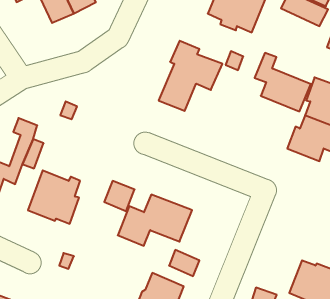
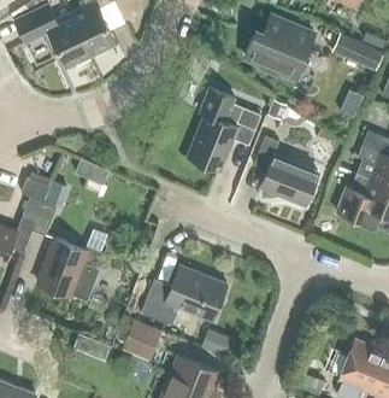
building: [255,53,311,111] -> [253,136,318,204]
building: [104,181,135,211] -> [124,322,159,357]

